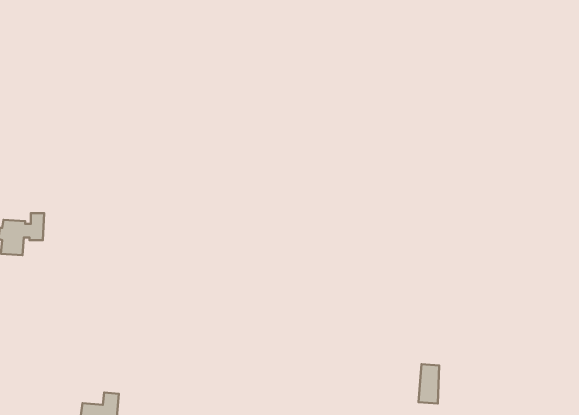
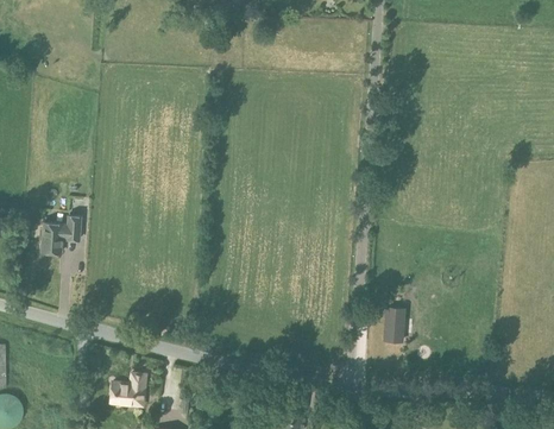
building: [419,364,439,404] -> [385,307,403,341]

